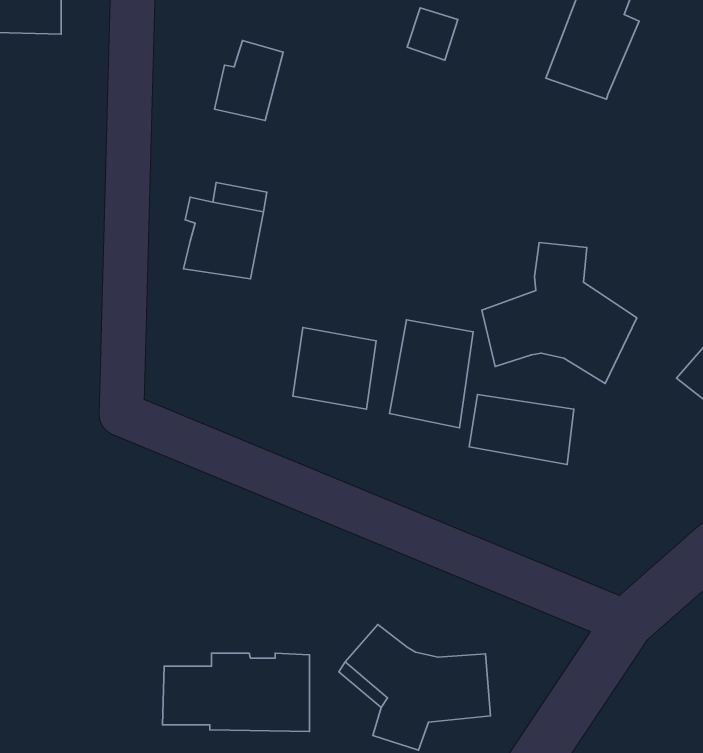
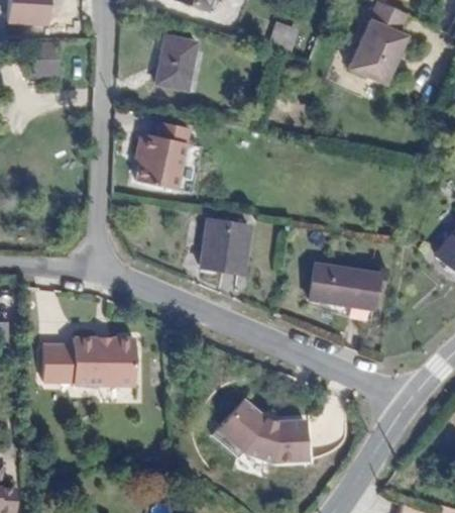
building: none -> [34,41,62,78]
building: [482,242,637,384] -> none
building: [389,320,473,428] -> none
building: [163,653,309,732] -> [45,339,136,388]

